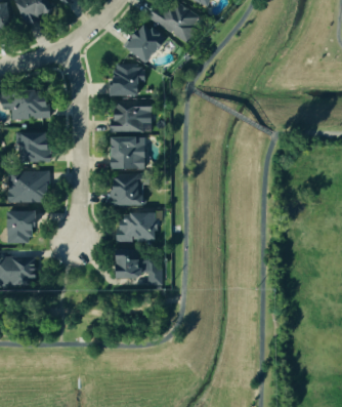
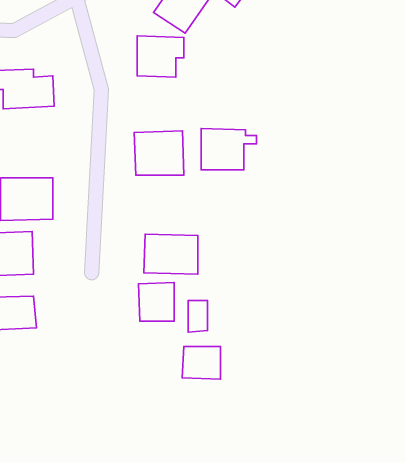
building: [113,101,154,132] -> [201,129,256,170]
building: [16,132,51,163] -> none
building: [111,174,140,205] -> none
building: none -> [182,346,221,379]

